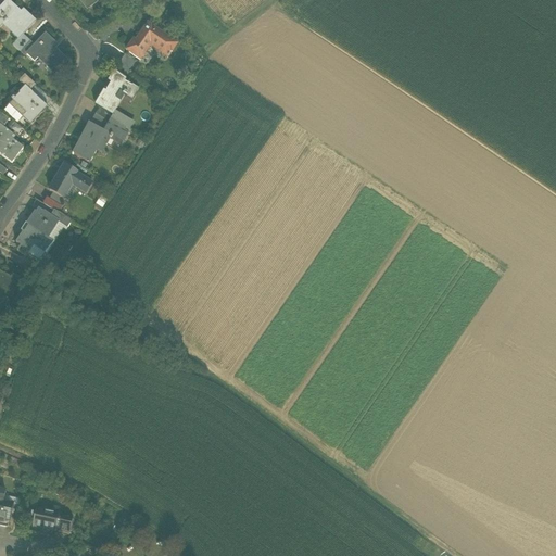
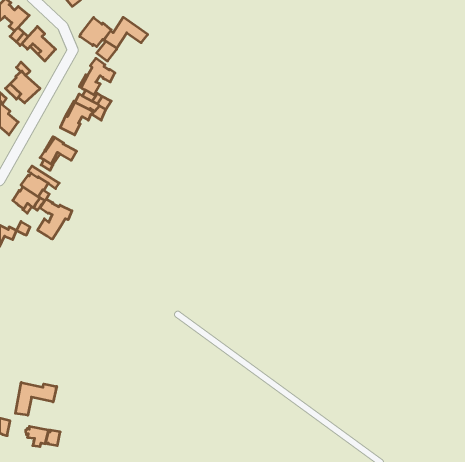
building: none -> [80,17,111,47]
building: none -> [38,199,72,239]
building: none -> [15,382,57,415]

